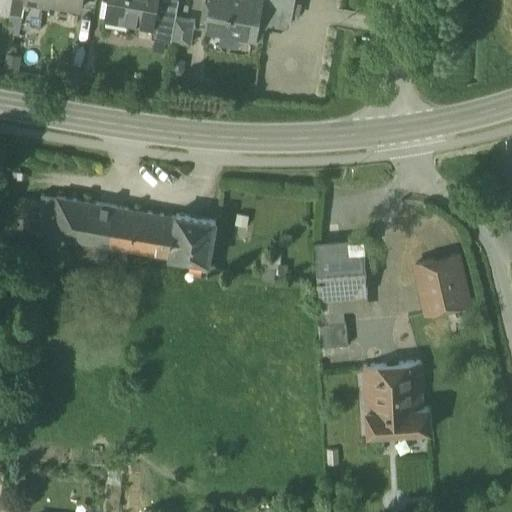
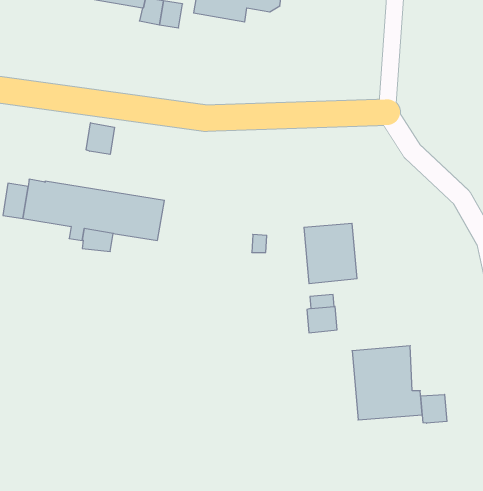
building: none -> [86,123,114,154]
building: [169,215,216,274] -> none
building: [416,256,468,314] -> none
building: none -> [421,394,447,423]

